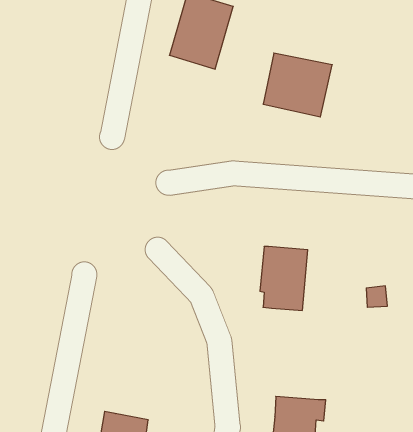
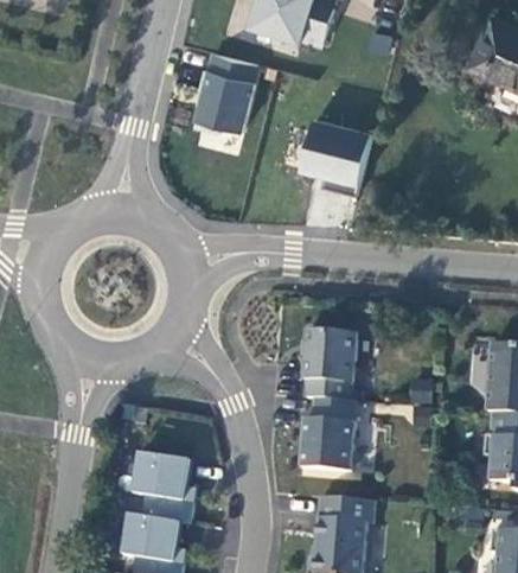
building: none -> [298,399,354,472]
building: none -> [129,452,192,524]

